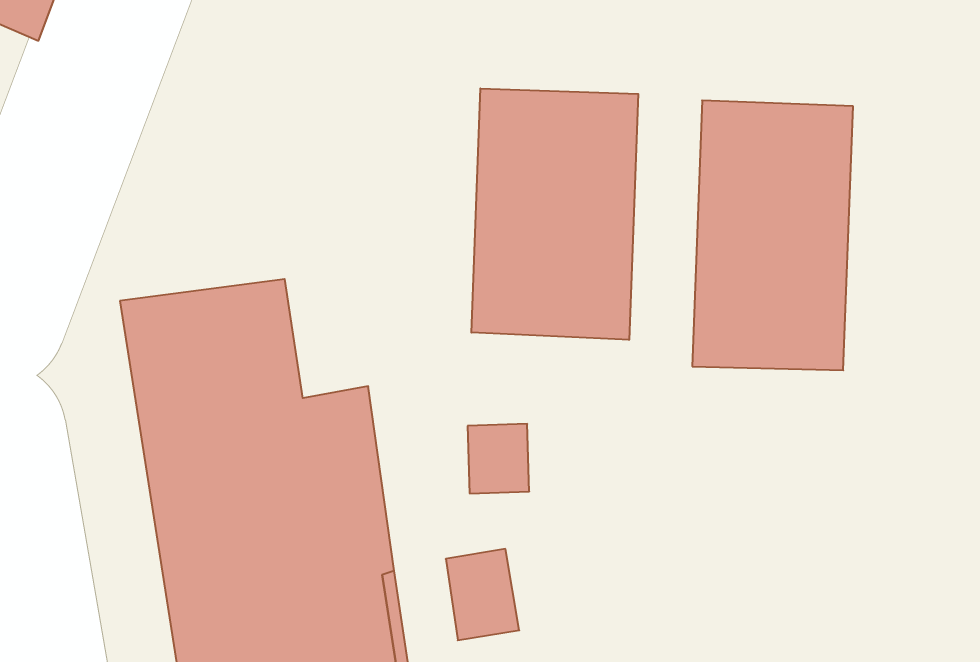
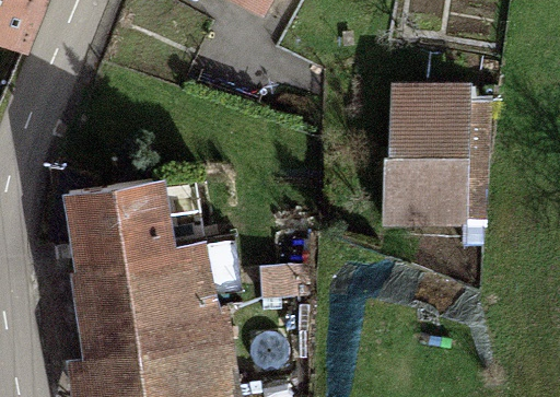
building: [471,88,638,340] -> none

